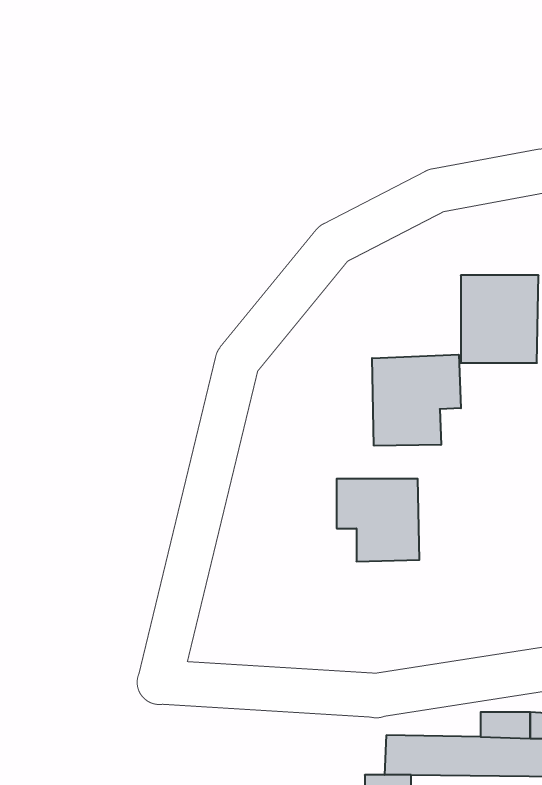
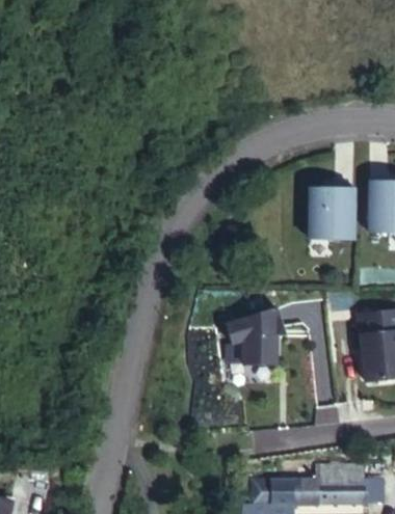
building: [372,355,461,446] -> none

